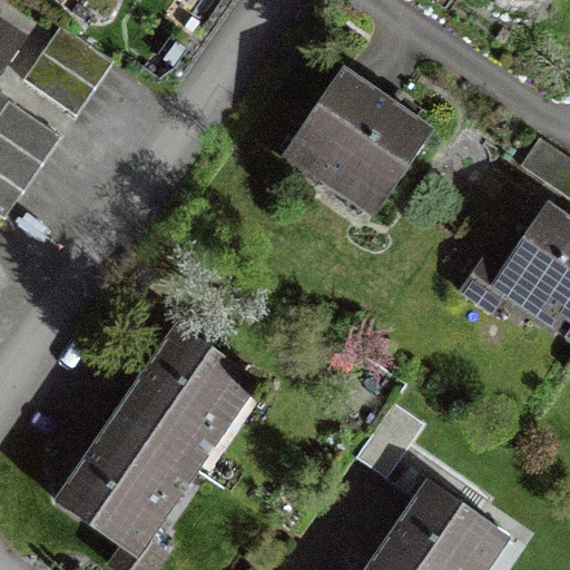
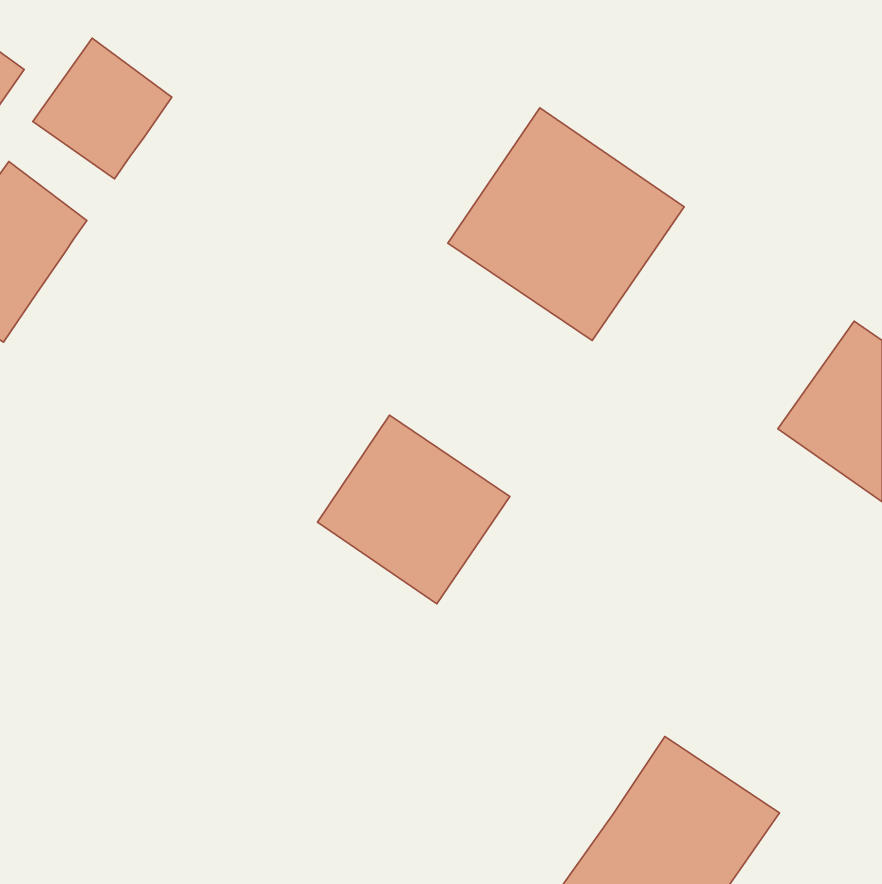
building: none -> [318,415,510,604]
building: [57,322,252,551] -> none

